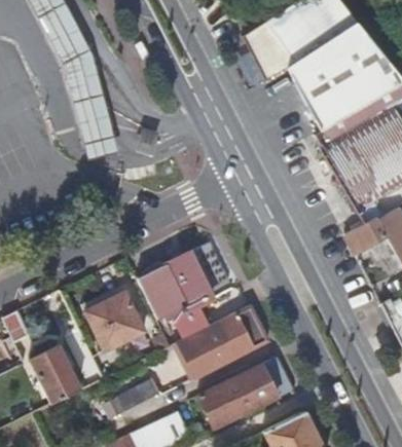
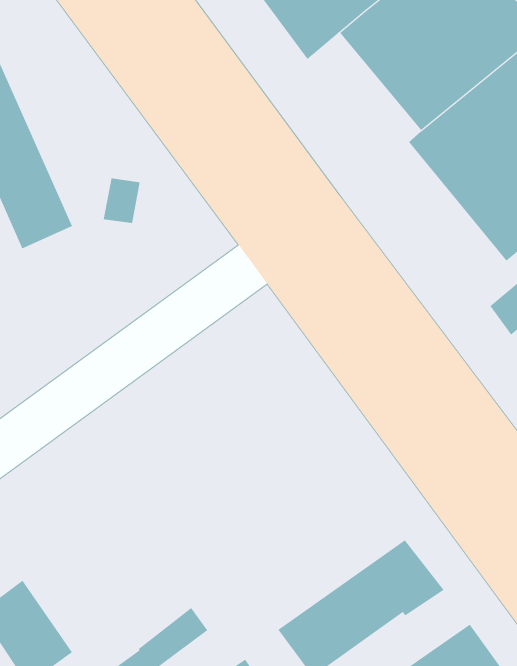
building: [139,253,211,320] -> none
building: [86,293,144,351] -> none
building: [175,306,268,368] -> none

